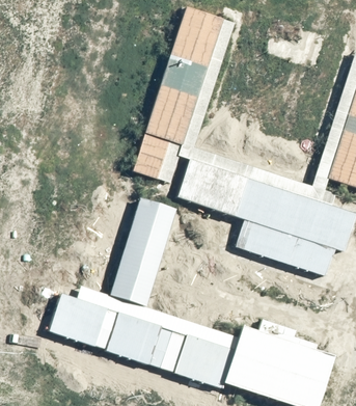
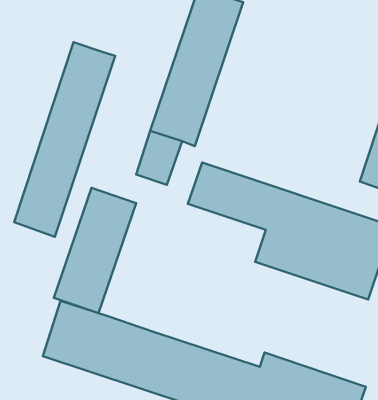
building: none -> [14,42,115,237]
building: [107,197,180,307] -> [54,188,136,313]

